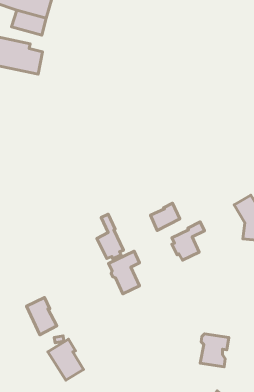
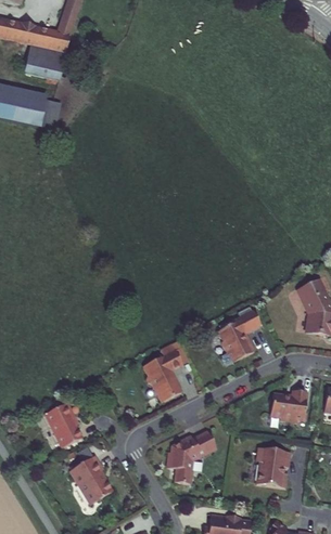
building: [150,203,180,230] -> none
building: [97,214,124,259] -> none
building: none -> [268,389,306,420]
building: none -> [166,430,215,480]

